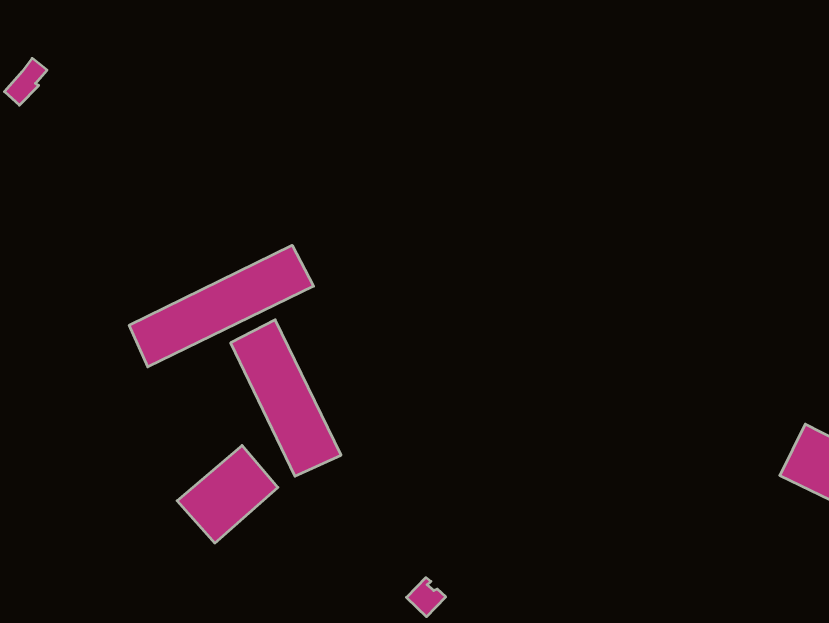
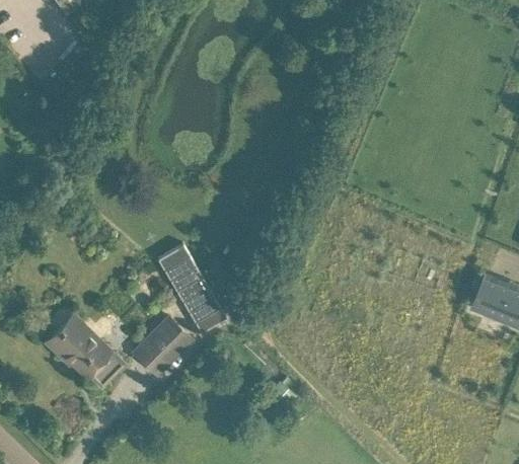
building: [129,245,314,367] -> none
building: none -> [47,318,124,386]

